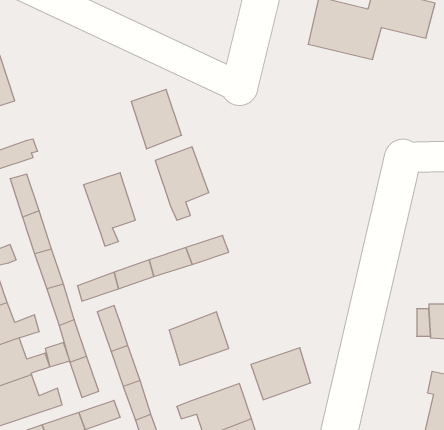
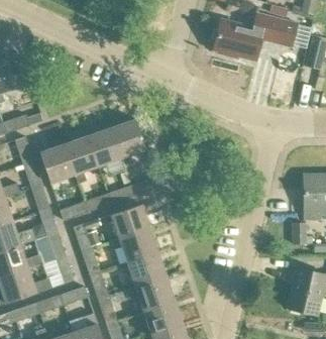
building: [131,89,182,149] -> [88,127,121,166]
building: none -> [40,143,75,183]
building: none -> [111,203,151,239]
building: [251,348,311,400] -> [127,251,167,286]

